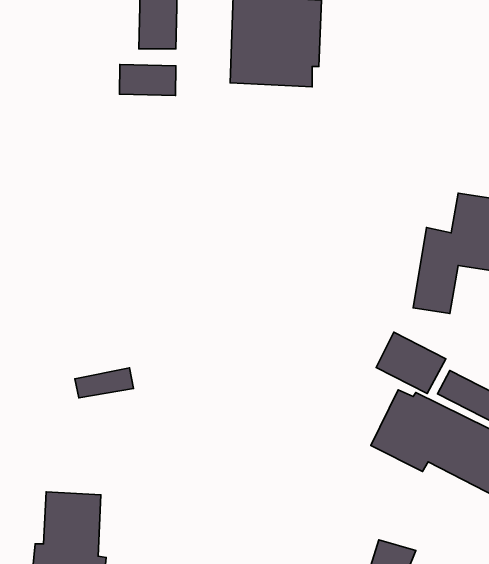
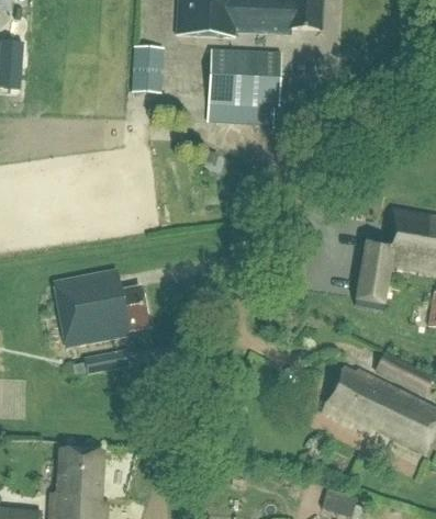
building: [119,65,176,96] -> none
building: none -> [53,270,146,348]
building: [376,332,446,394] -> none

